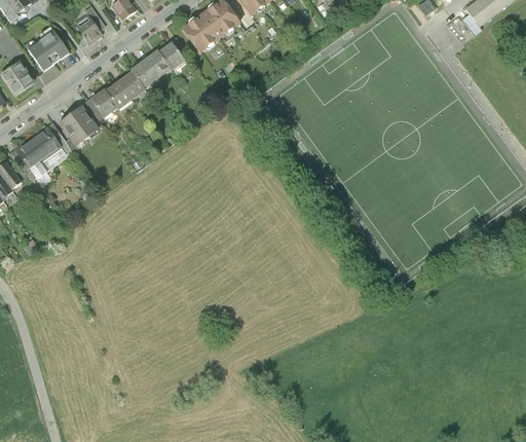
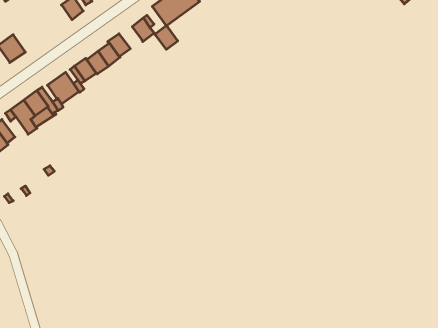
building: [28,29,70,70] -> none
building: [144,49,171,77] -> [155,26,178,49]

